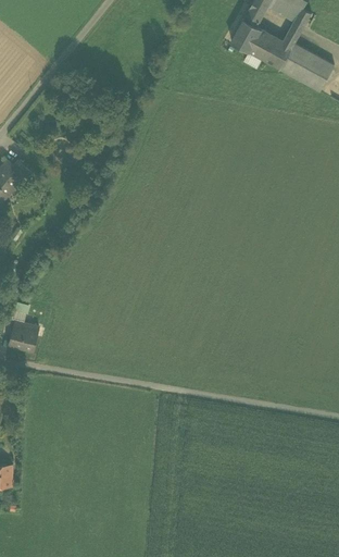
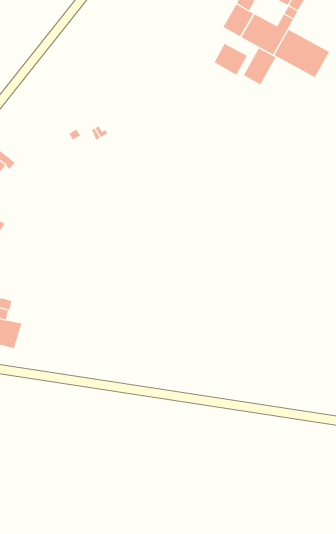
building: none -> [214,43,247,75]
building: none -> [243,47,276,85]

